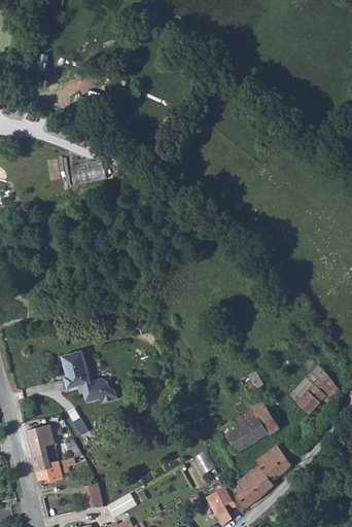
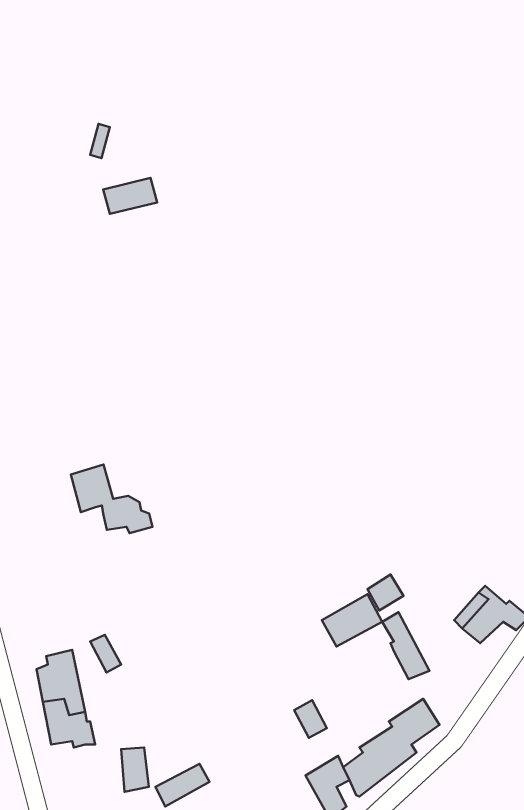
building: [71,162,105,184] -> [103,178,157,214]
building: [63,359,114,402] -> [71,465,152,533]
building: [227,419,266,452] -> [322,594,382,646]

